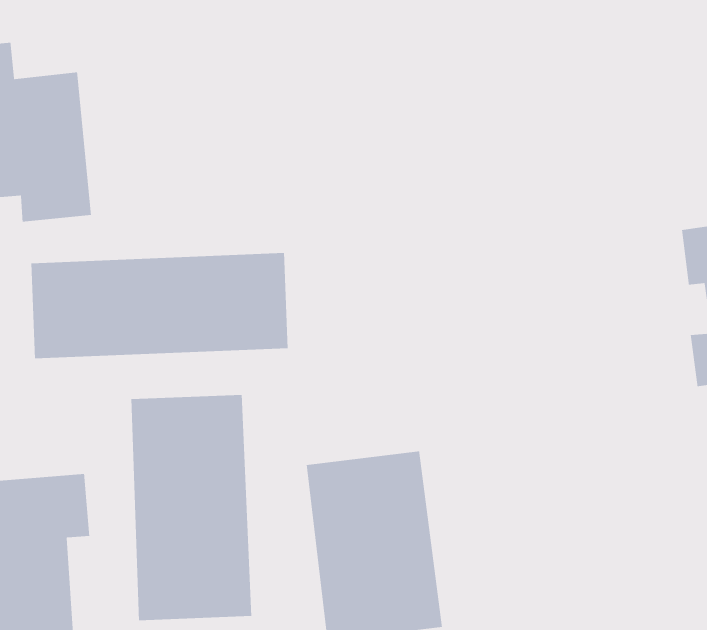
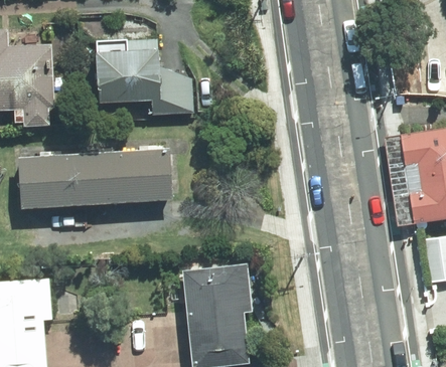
building: none -> [91,37,196,117]
building: [130,394,252,621] -> none

